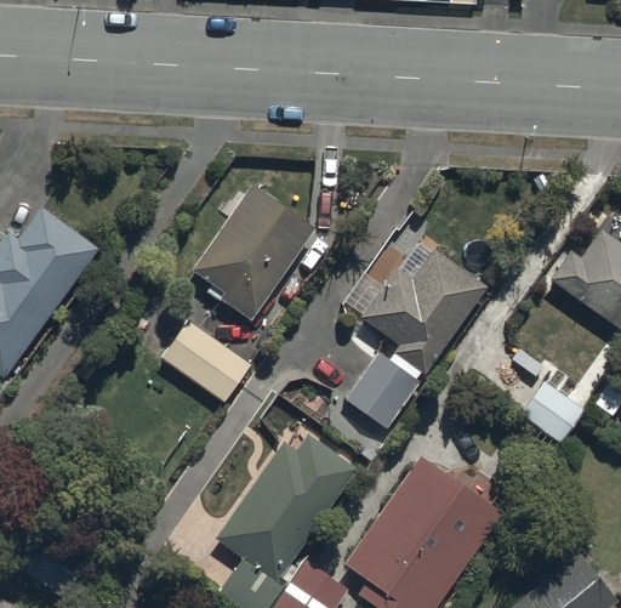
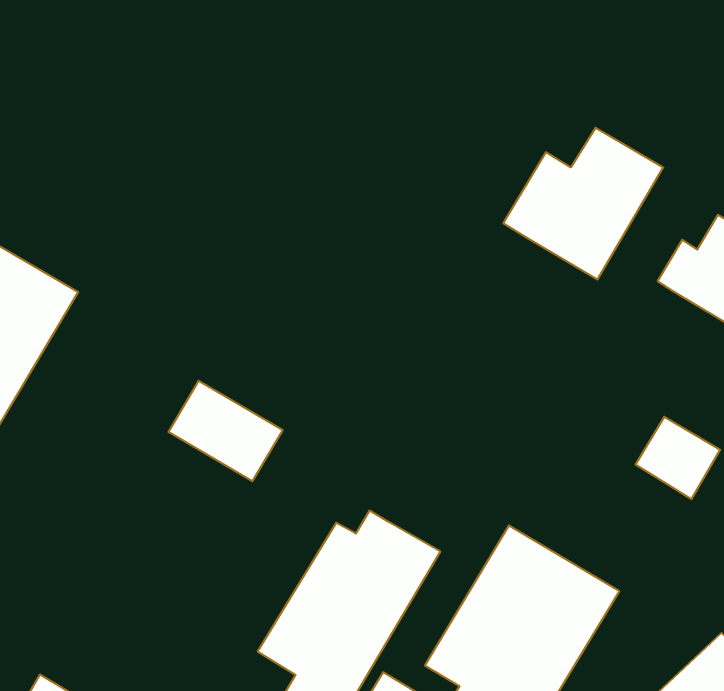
building: [183,180,318,320] -> none
building: [357,250,484,368] -> [503,128,663,280]
building: [344,352,420,430] -> none

